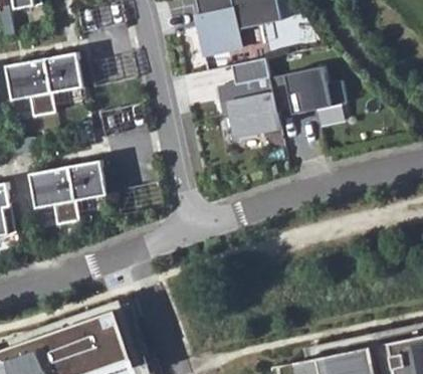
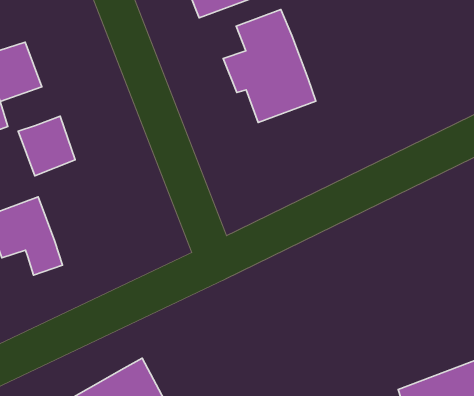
building: [269,66,346,115] -> none
building: [67,161,105,201] -> [18,116,75,176]

